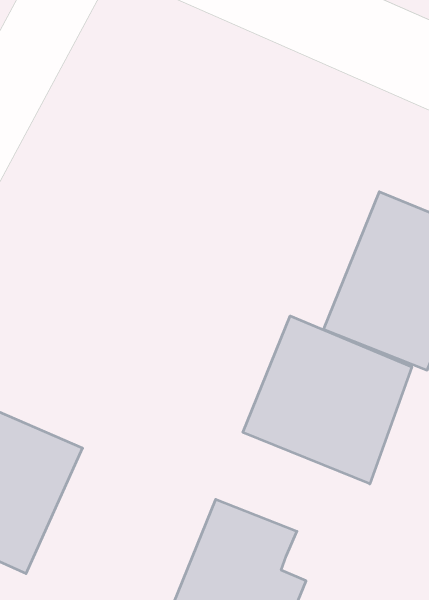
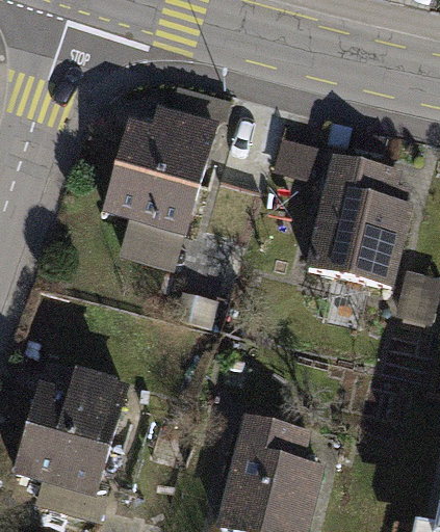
building: none -> [98,104,218,237]
building: [243,316,412,484] -> none

